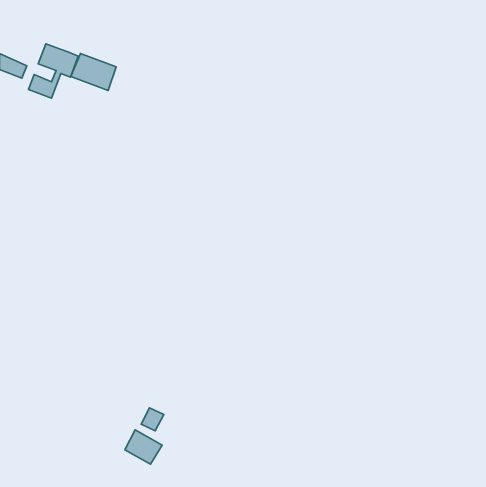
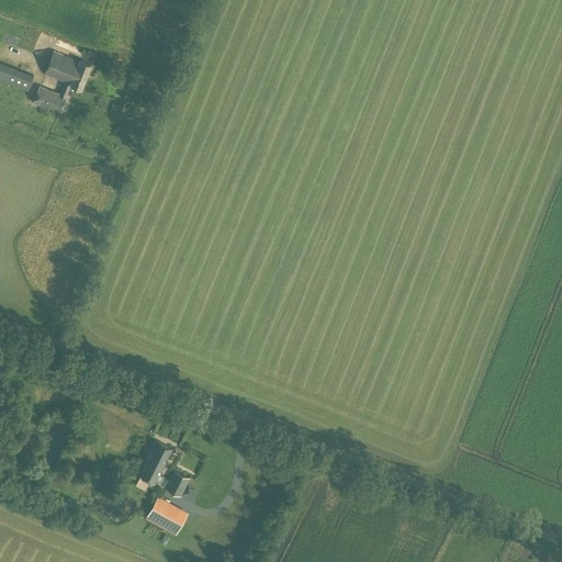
building: [71,53,116,90] -> none
building: none -> [138,440,171,482]

